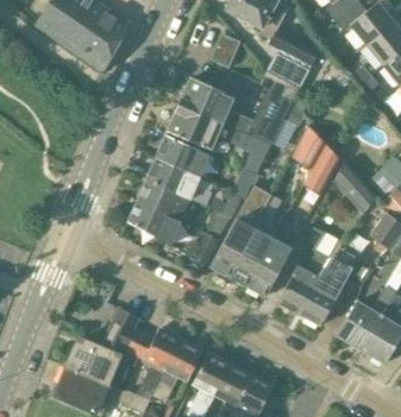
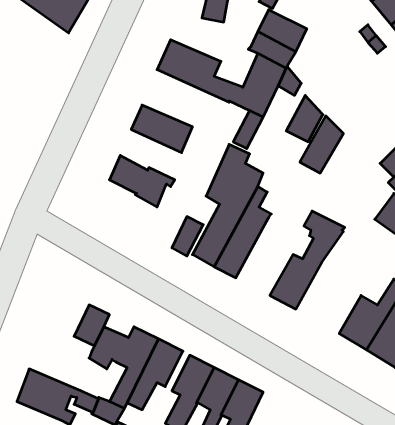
building: [167,105,242,151] -> none
building: [146,157,212,207] -> none
building: [334,160,376,215] -> none
building: [127,201,178,246] -> none
building: [248,230,299,296] -> none
building: [300,246,357,327] -> none
building: [67,337,118,385] -> none

